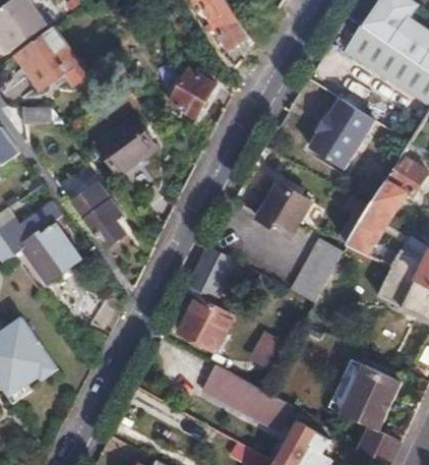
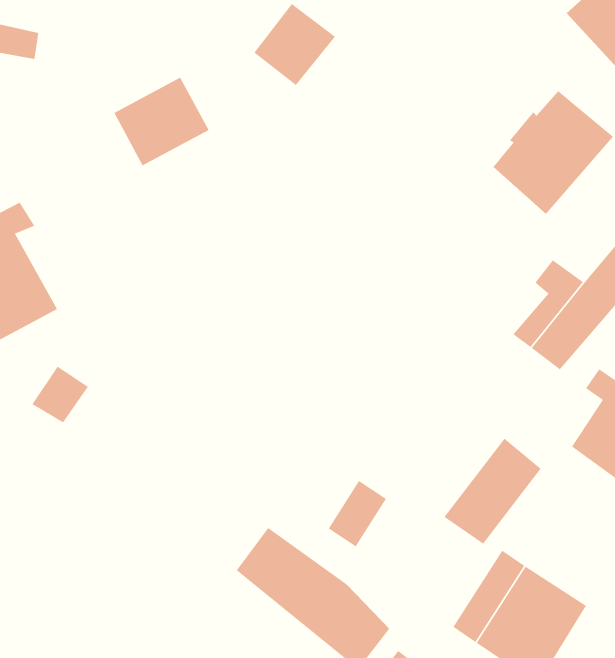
building: [259,182,312,237] -> none
building: [73,183,124,247] -> none
building: [290,239,341,300] -> [443,438,542,544]
building: [184,244,248,352] -> none

